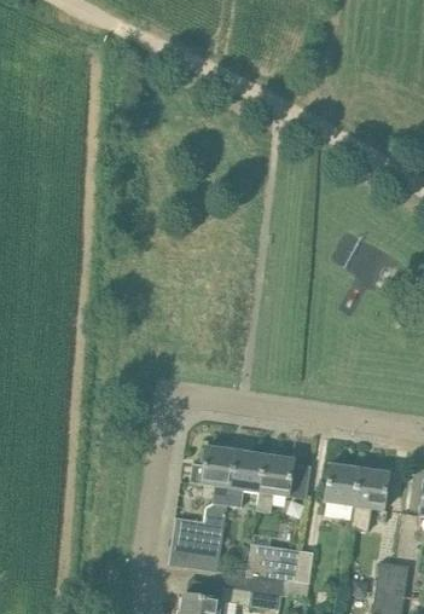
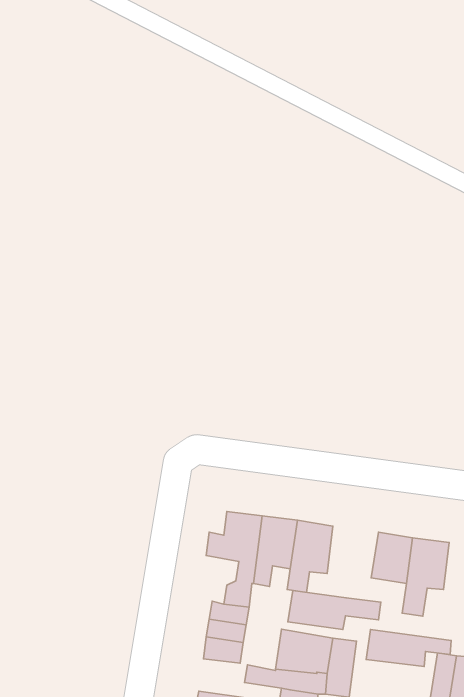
building: none -> [288,591,381,630]
building: none -> [366,629,451,667]

